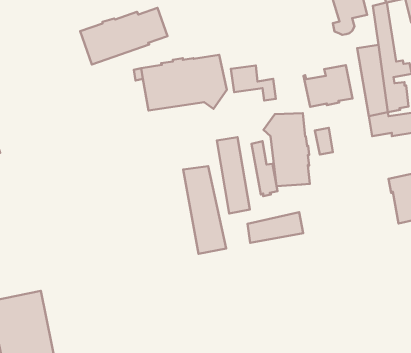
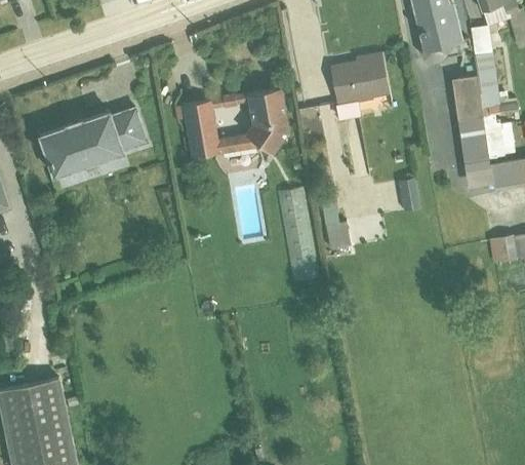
building: [80,8,167,64] -> [39,108,147,178]
building: [304,65,353,107] -> [329,52,390,104]
building: [264,113,310,186] -> none
building: [183,166,226,254] -> none
building: [248,212,303,243] -> none

